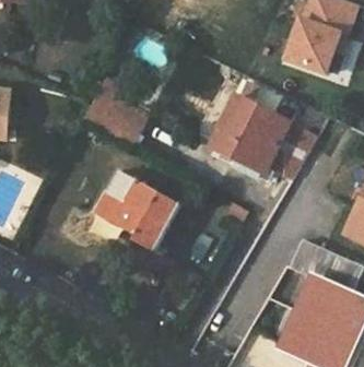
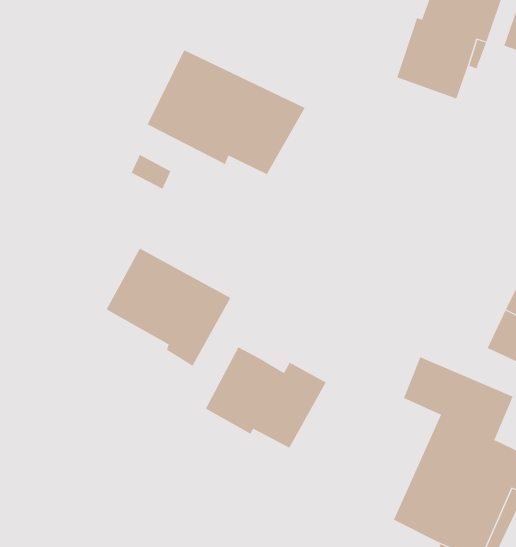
building: [211,96,315,178] -> [147,49,306,175]
building: none -> [205,347,326,448]

